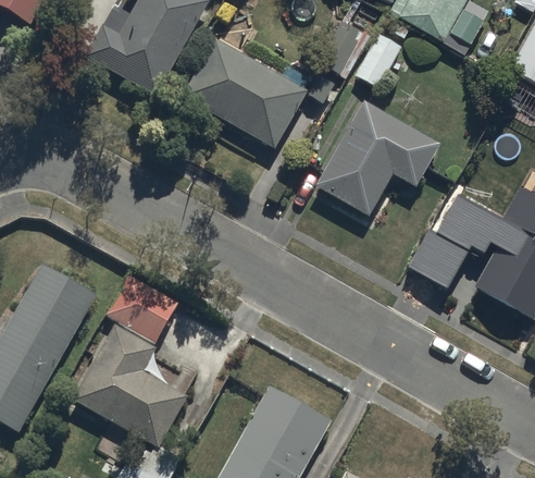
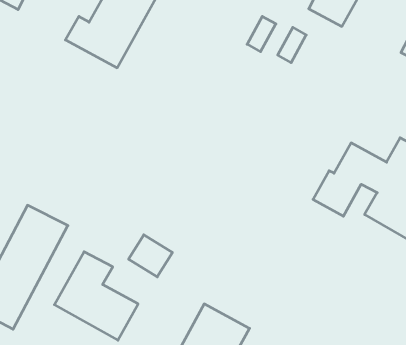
building: [185,41,308,151] -> none
building: [320,109,436,217] -> none
building: [116,283,173,338] -> [129,235,172,277]

